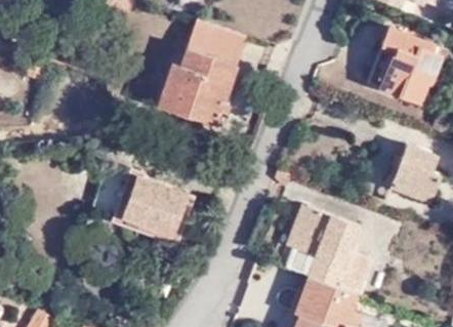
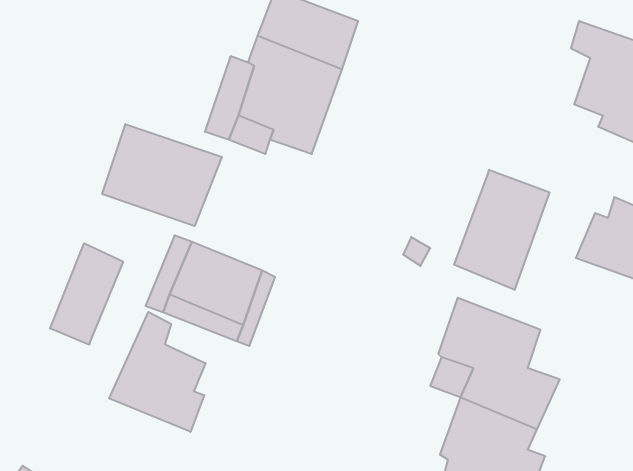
building: none -> [102,124,222,226]
building: none -> [454,170,549,290]
building: none -> [50,243,123,345]
building: none -> [109,312,206,432]

